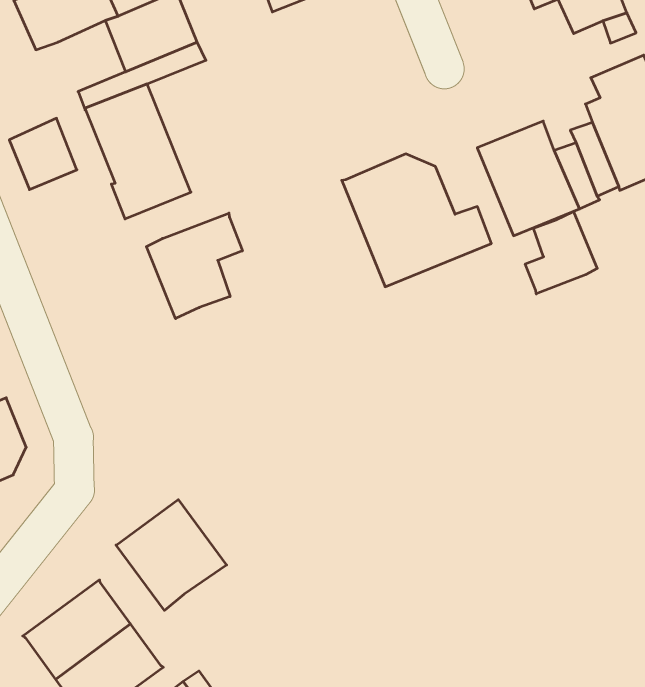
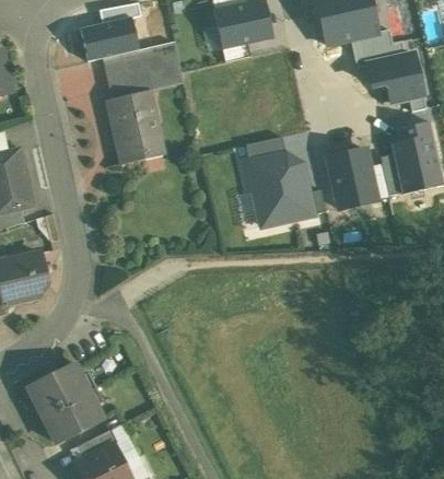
building: [9,118,77,190] -> [103,51,138,89]
building: none -> [246,137,287,163]
building: [525,211,597,294] -> none
building: [146,213,242,319] -> none
building: [116,500,227,610] -> none

